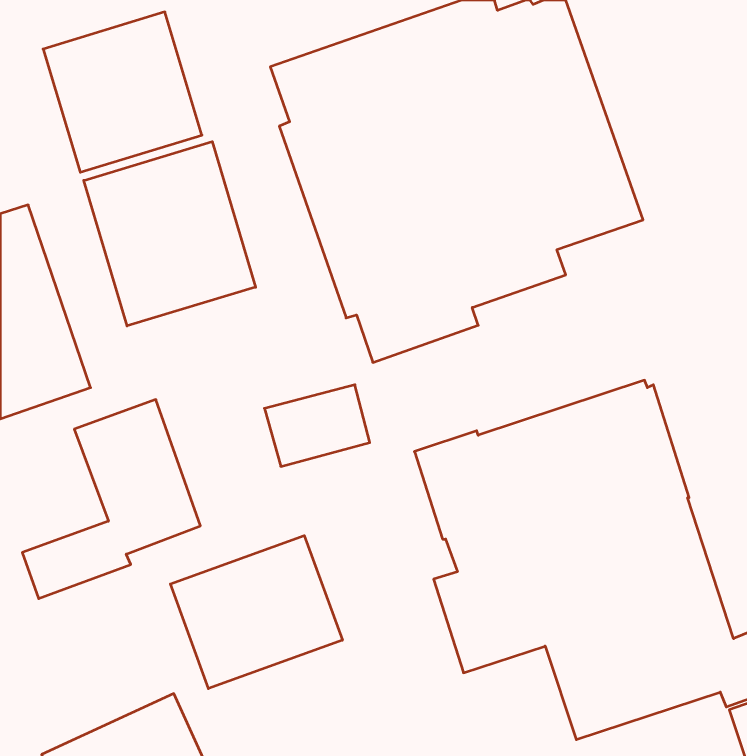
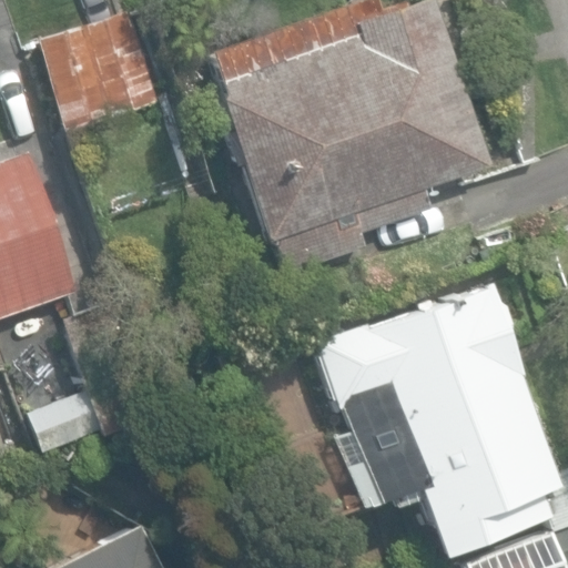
building: [84,142,256,326] -> none
building: [170,536,342,689] -> none

